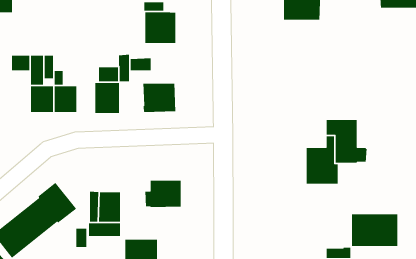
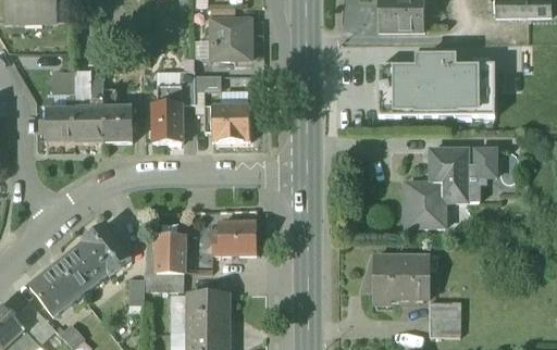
building: none -> [377,57,495,117]
building: none -> [47,103,75,141]
building: none -> [468,148,496,183]
building: [351,213,398,247] -> [373,255,430,296]

